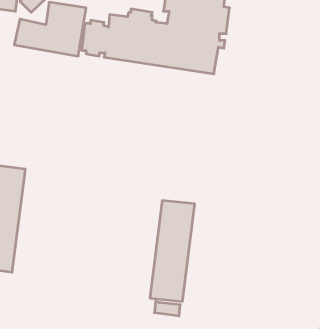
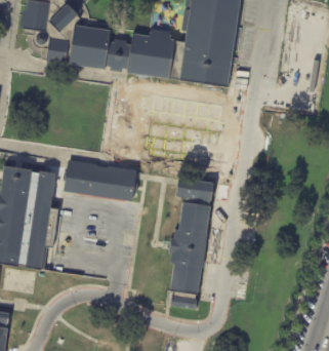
building: none -> [63,158,139,201]
building: none -> [178,179,216,202]

